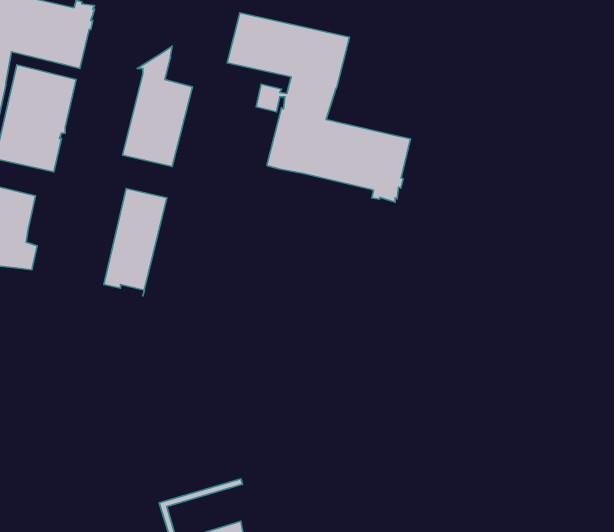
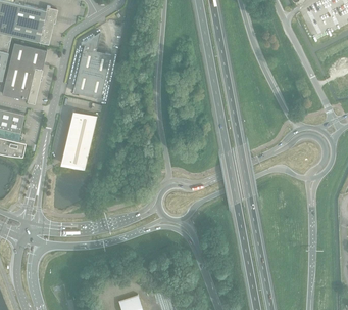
building: [227,13,411,202] -> none

